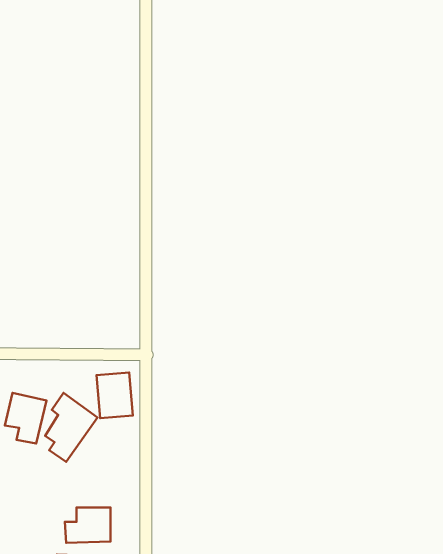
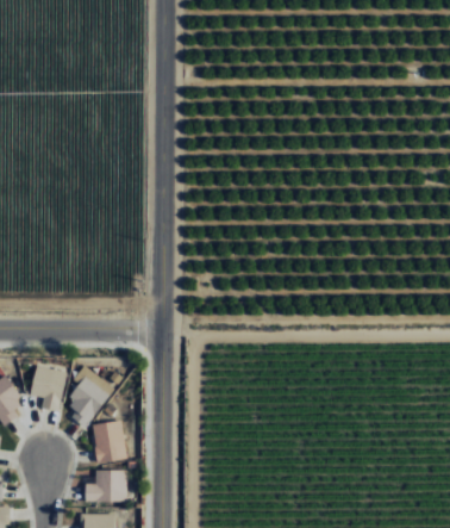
building: [96,372,133,418] -> [93,421,126,462]

